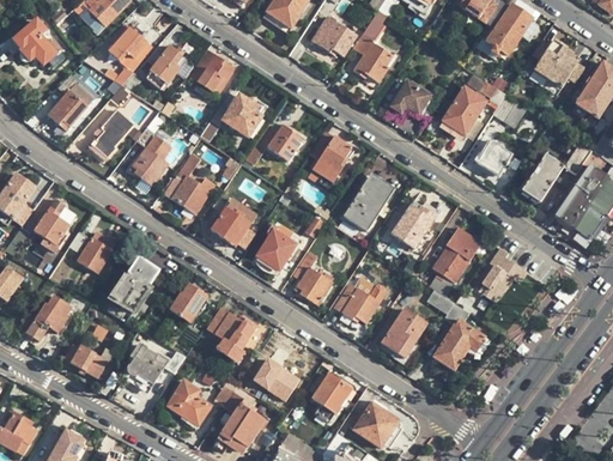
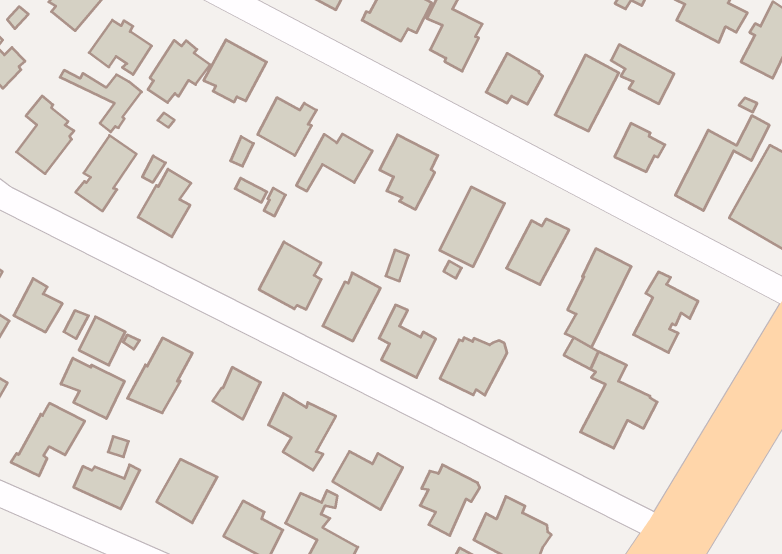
building: [164,154,216,228] -> none
building: none -> [61,358,124,419]
building: [378,309,427,365] -> none

